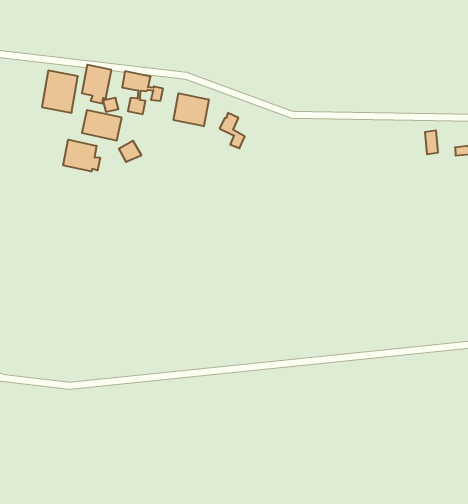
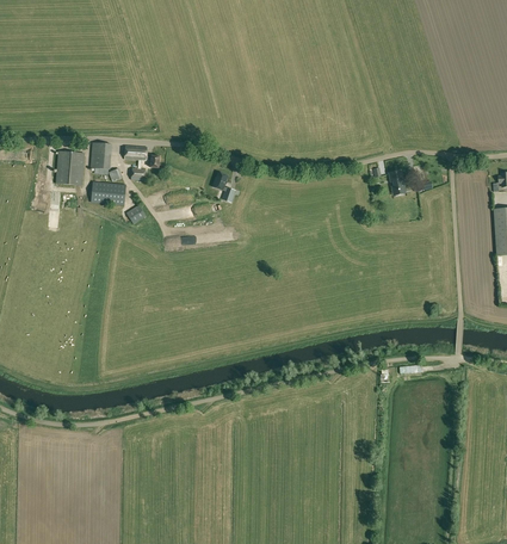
building: [174,93,209,126] -> none
building: [63,140,100,172] -> none

